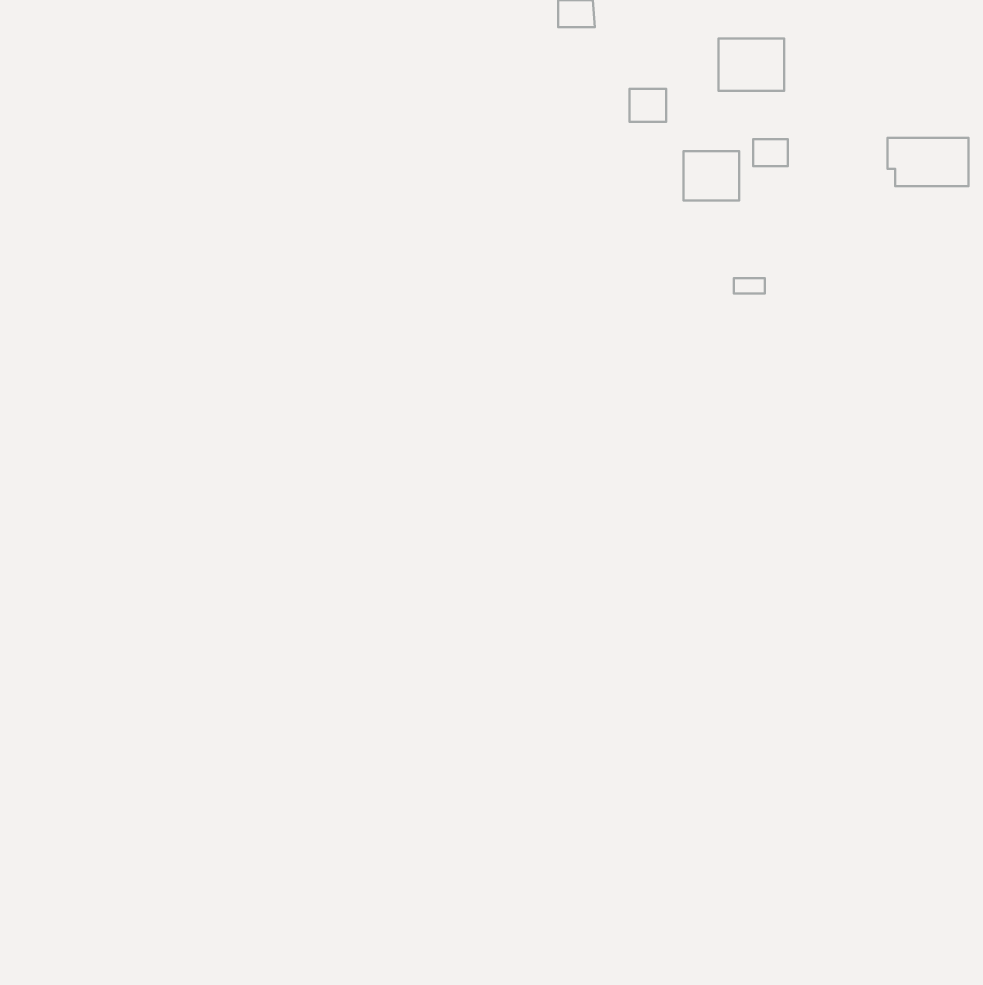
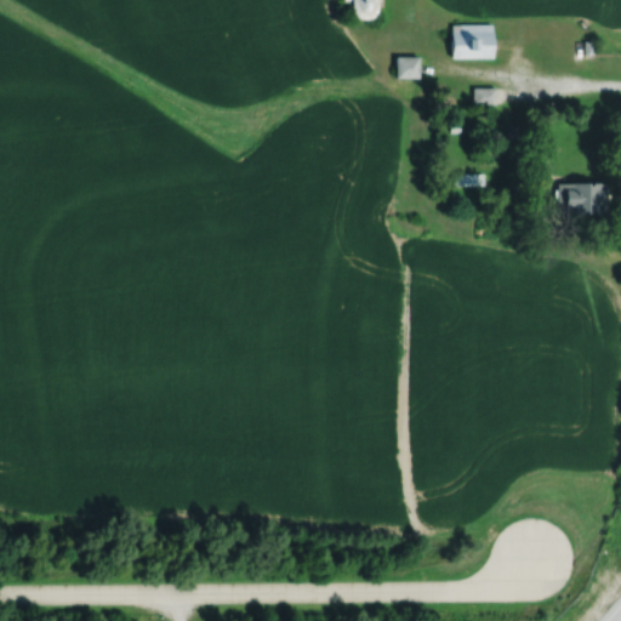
building: [888,138,969,186] -> [558,184,609,215]
building: [684,151,739,200] -> none

